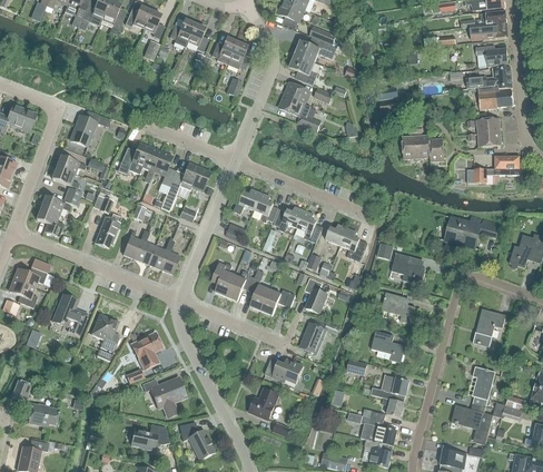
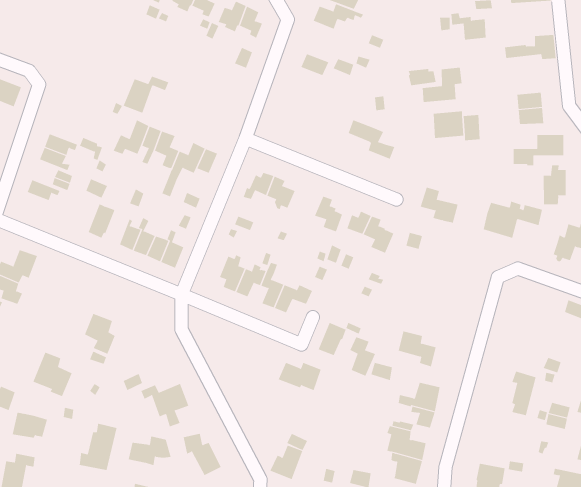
building: [475,41,507,66] -> [450,13,487,40]
building: [289,53,317,85] -> none
building: [477,85,513,108] -> none
building: none -> [422,67,462,103]
building: [279,95,322,130] -> [348,119,395,159]
building: [69,112,110,146] -> [123,76,169,113]
building: none -> [543,165,566,205]
building: [274,205,304,230] -> none
building: [36,206,63,236] -> none
building: [391,252,425,284] -> [420,187,459,223]
building: [304,277,327,313] -> [349,336,376,376]
building: [381,291,415,323] -> none
building: [51,294,87,334] -> [32,352,72,397]
building: [472,308,505,346] -> none
building: [130,331,162,368] -> none
building: [248,387,278,419] -> [270,445,303,480]
building: [451,402,492,443] -> none
building: none -> [79,423,117,471]

